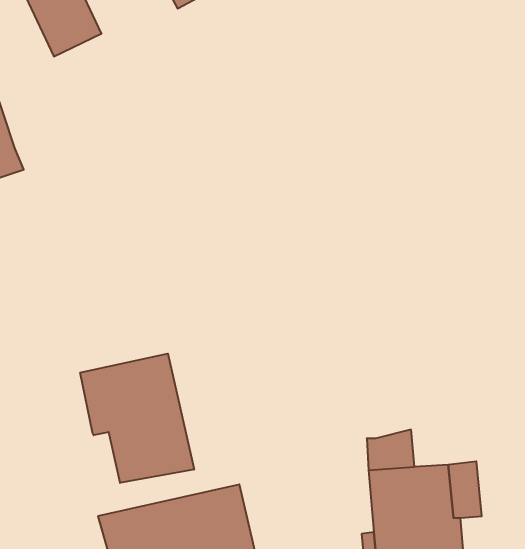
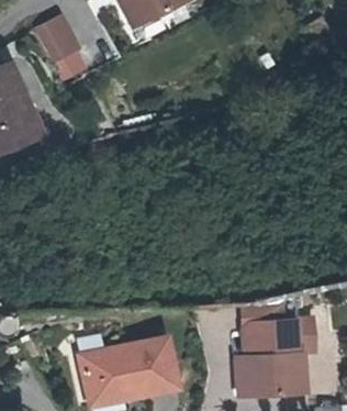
building: [80,354,194,483] -> none

